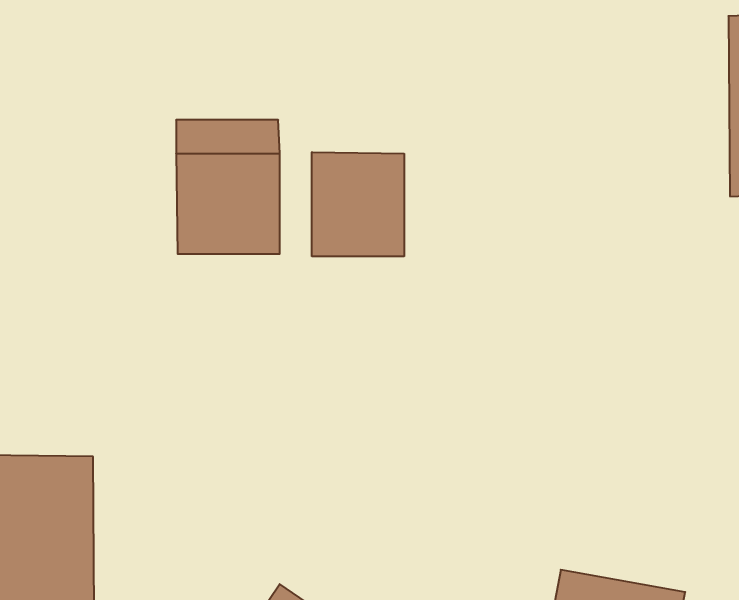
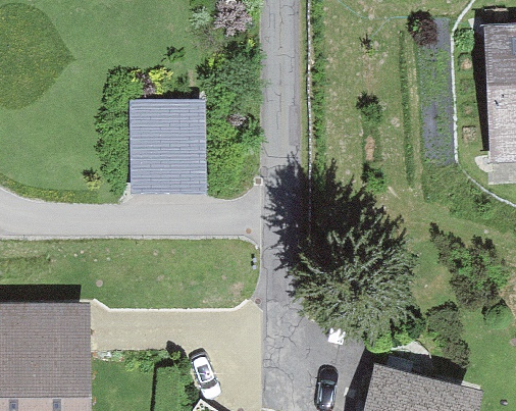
building: [312,152,404,256] -> none

